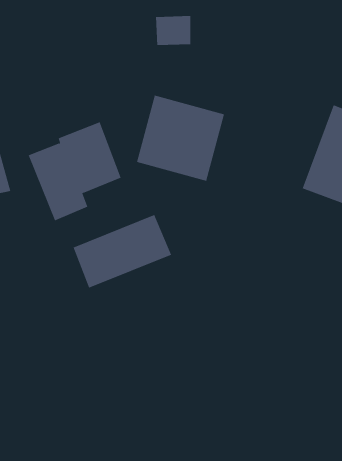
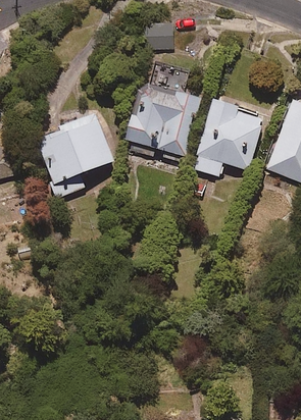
building: none -> [193,100,263,175]
building: [73,214,172,288] -> none

